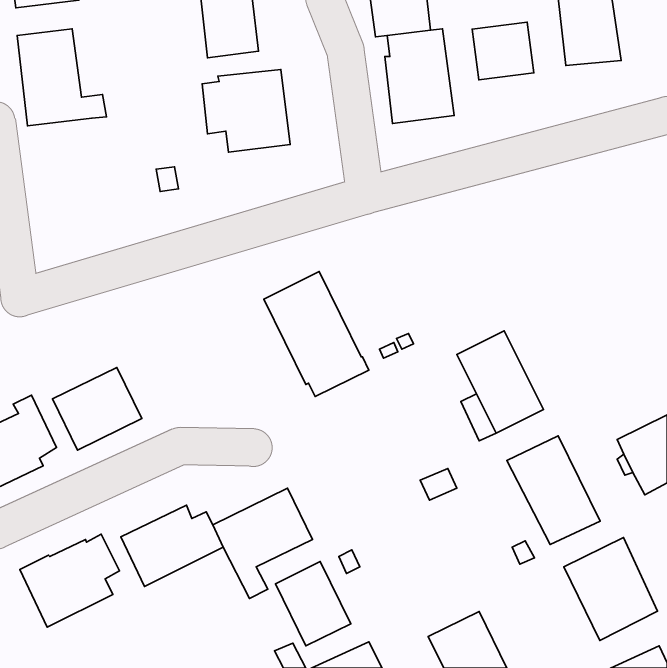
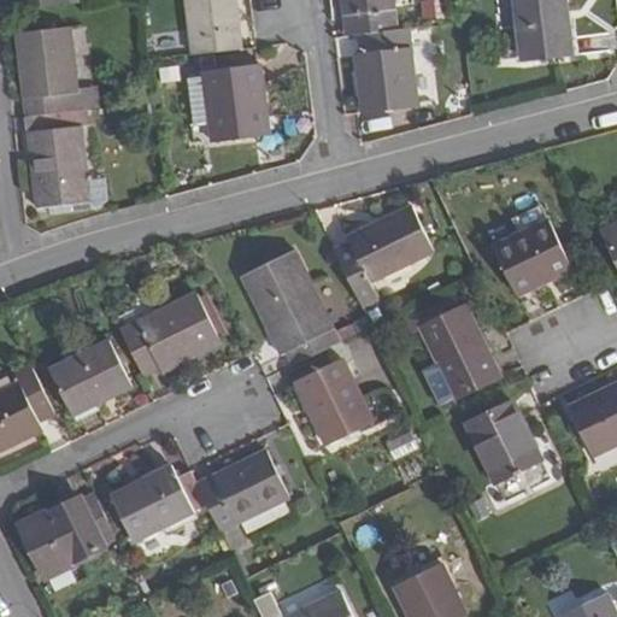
building: [472,22,534,80] -> none
building: none -> [25,108,105,212]
building: none -> [333,206,431,305]
building: none -> [493,219,570,293]
building: none -> [121,290,219,375]
building: none -> [296,359,371,441]
building: [564,537,658,640] -> none
building: [275,562,351,646] -> none

